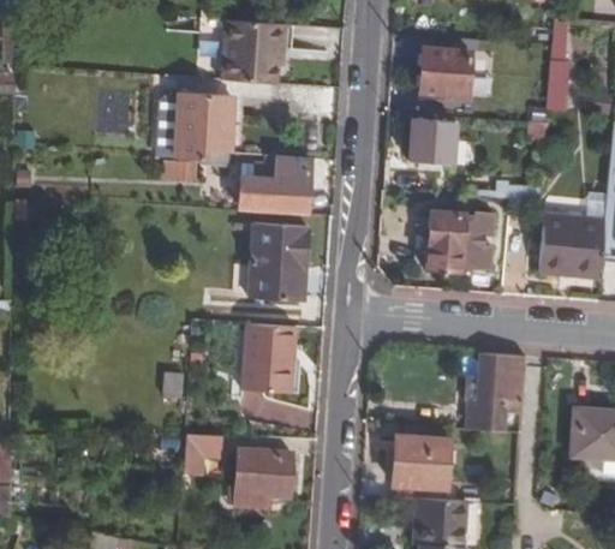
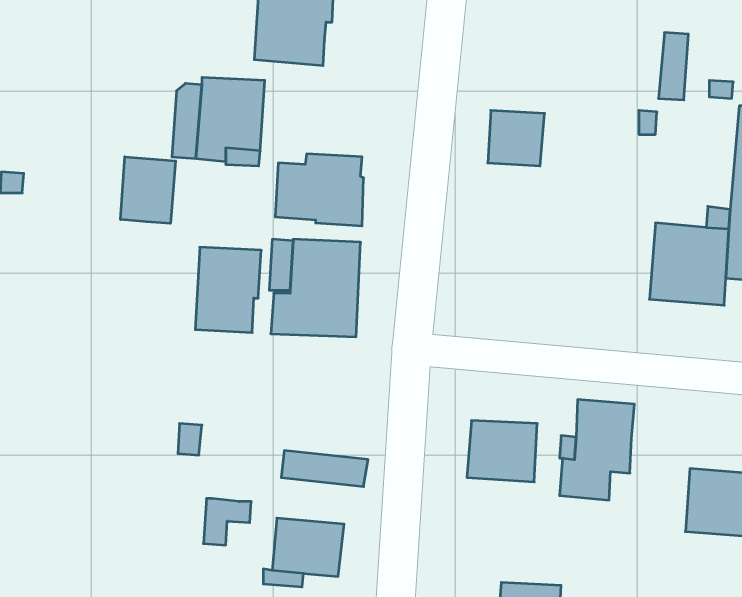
building: [419,50,470,97] -> none
building: none -> [121,157,176,223]
building: [424,211,492,274] -> none
building: [245,323,298,392] -> [195,247,261,333]
building: [394,440,450,489] -> [467,421,537,482]

